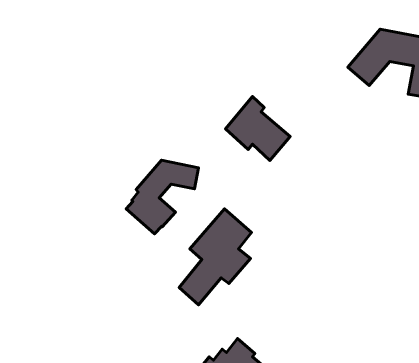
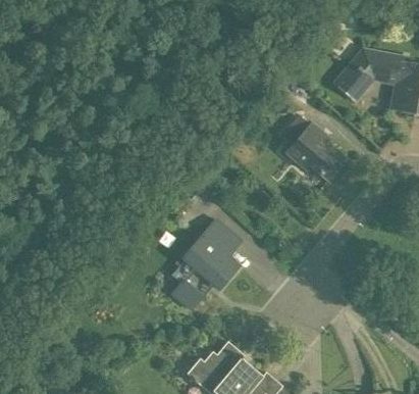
building: [225,97,290,160] -> [285,120,347,181]
building: [126,160,199,234] -> none

